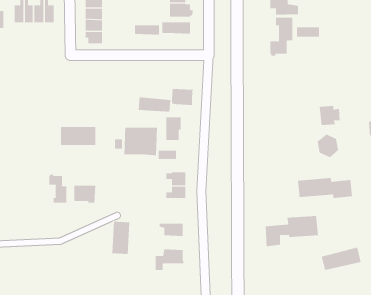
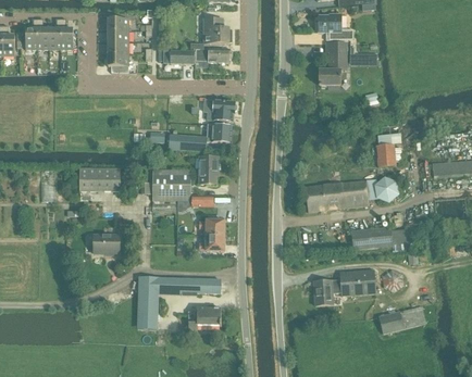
building: none -> [203,100,236,121]
building: none -> [305,180,368,211]
building: [49,174,67,204] -> none

